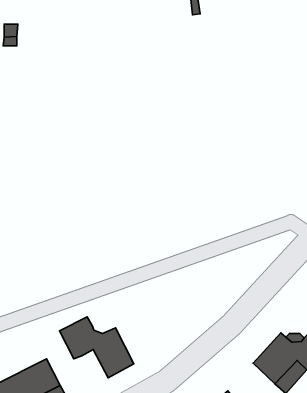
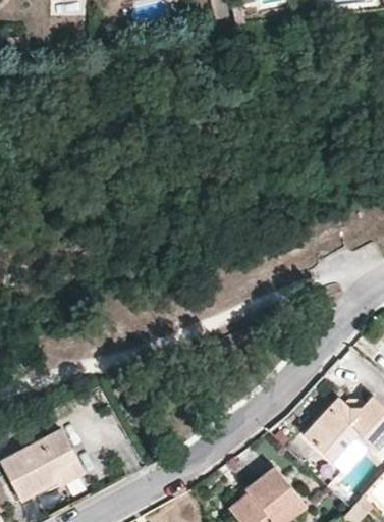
building: [60,317,134,378] -> none

